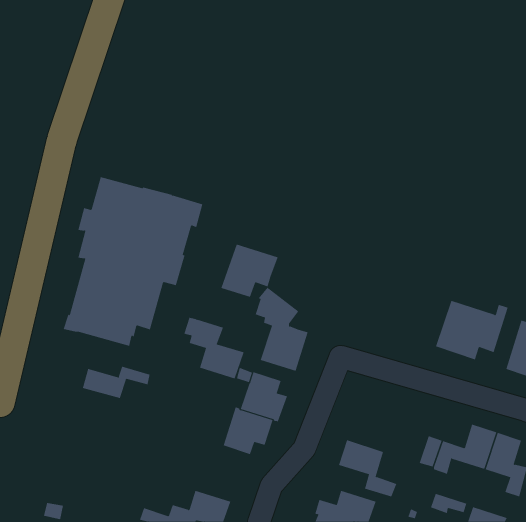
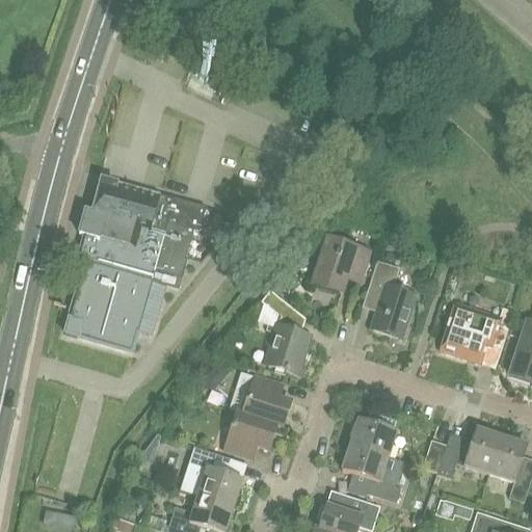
building: [221,244,278,297] -> [312,237,370,291]
building: none -> [367,259,417,338]
building: [184,317,244,379] -> [182,443,243,505]
building: [82,366,150,399] -> none
building: none -> [350,418,396,455]

